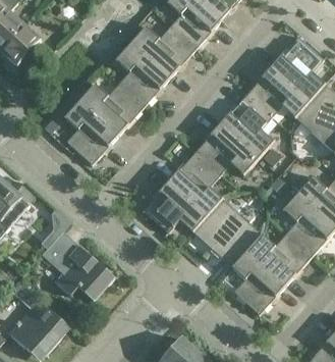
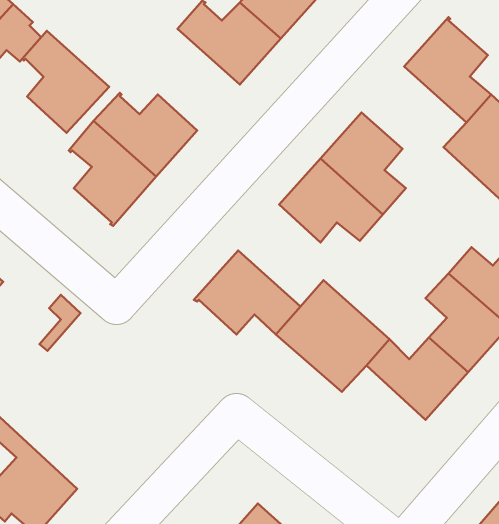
building: [115,43,169,106] -> [22,31,109,133]
building: [244,66,310,117] -> none
building: [168,152,221,215] -> none
building: [42,234,115,303] -> none
building: [232,252,284,315] -> none

